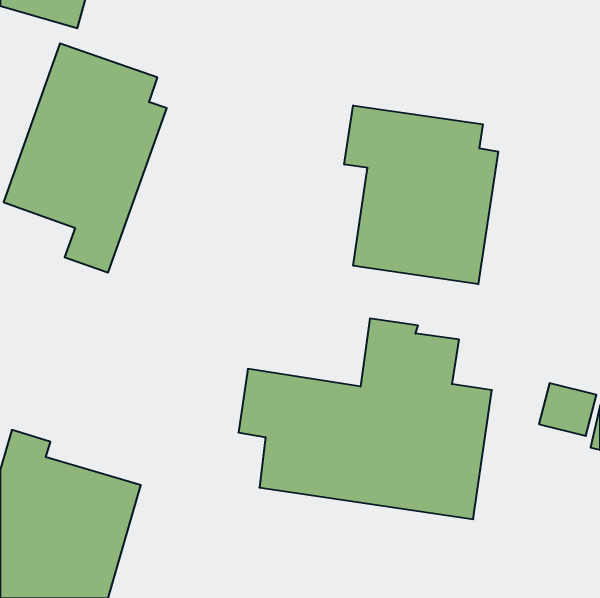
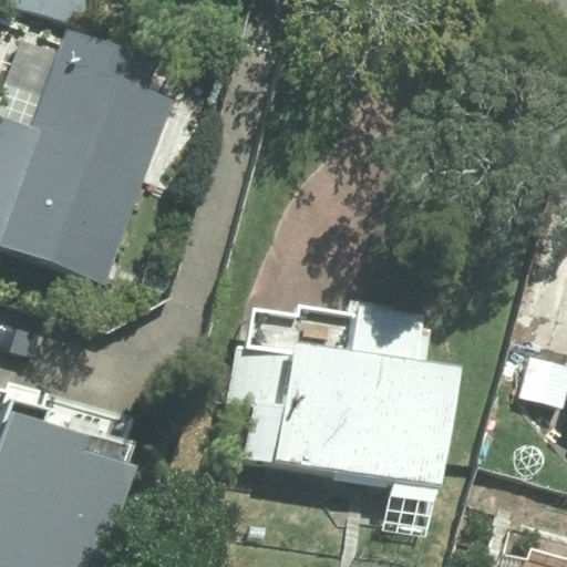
building: [344,105,498,284] -> none

